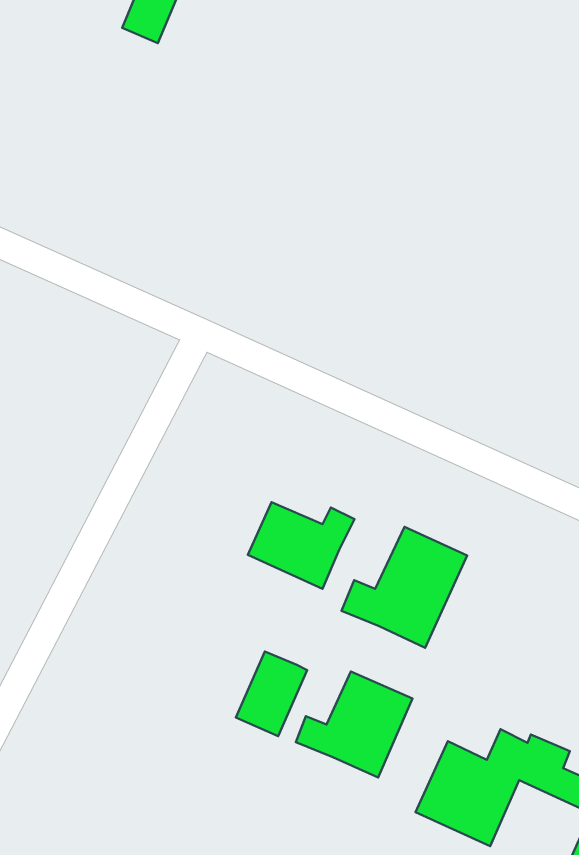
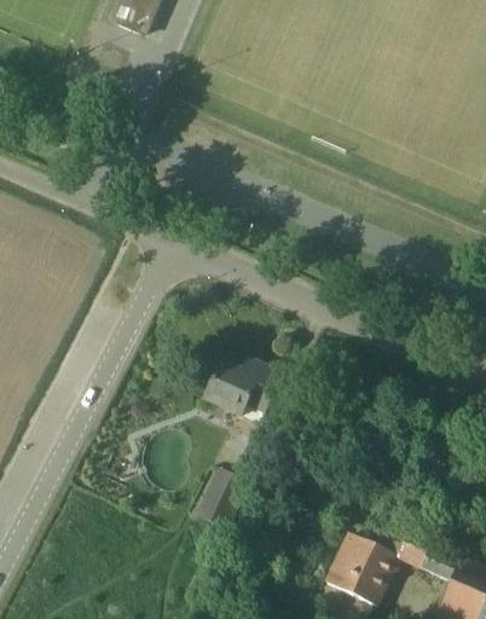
building: [341,527,467,648] -> none
building: [296,671,413,778] -> none

